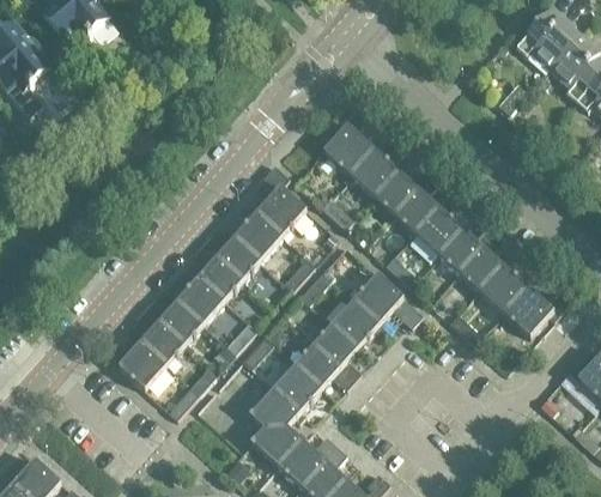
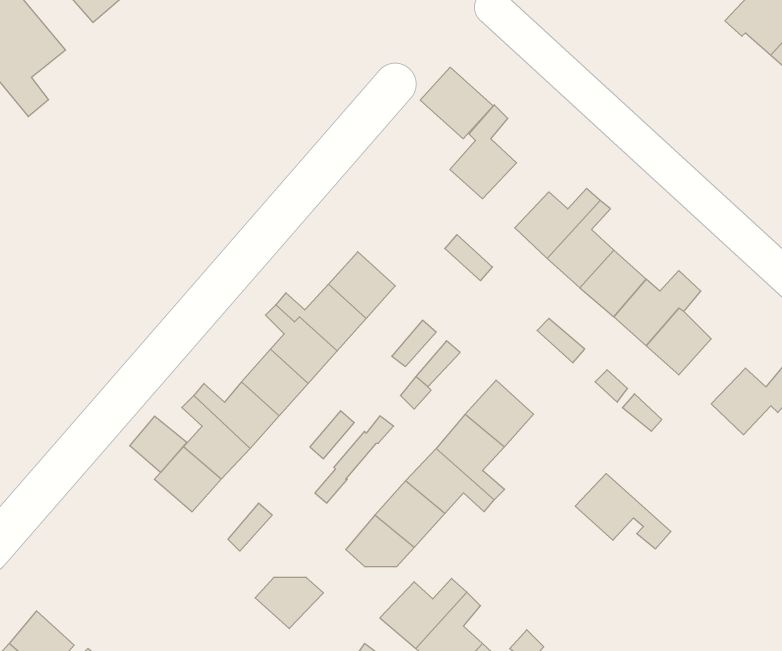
building: none -> [420,67,493,139]
building: [346,144,393,189] -> none
building: [257,163,304,230] -> none
building: [484,267,530,313] -> none
building: [356,273,423,326] -> [575,474,671,549]
building: none -> [130,416,187,472]
building: [250,426,298,462] -> [255,577,323,629]

